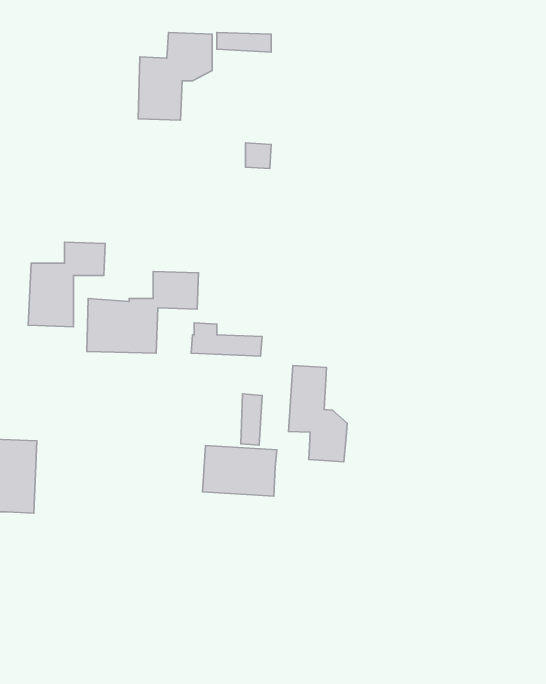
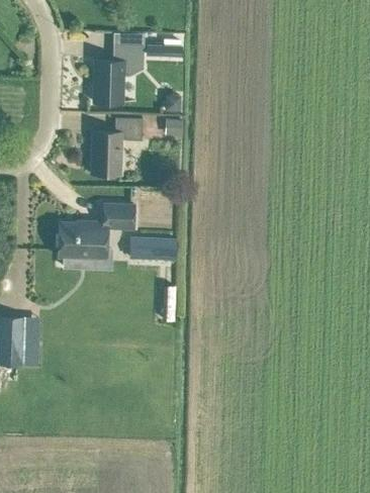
building: [28,242,105,327] -> [91,118,143,175]
building: [288,365,347,462] -> none
building: [202,445,277,496] -> none

